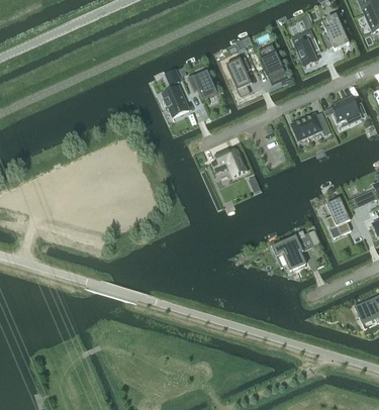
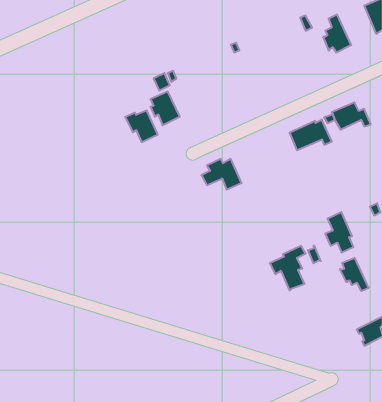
building: [291,30,319,68] -> none
building: [257,43,287,83] -> none
building: [227,57,251,88] -> none
building: [187,71,217,100] -> [125,111,158,142]
building: none -> [340,258,368,291]

